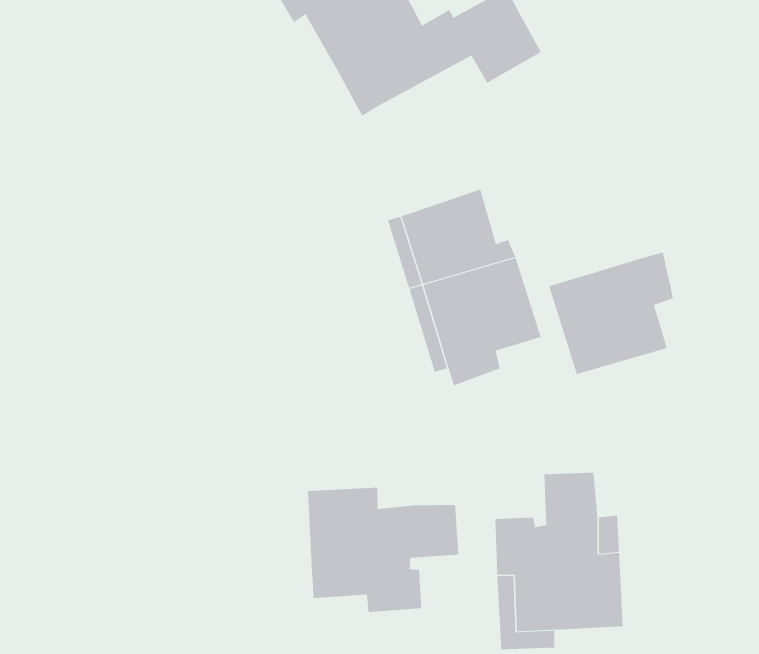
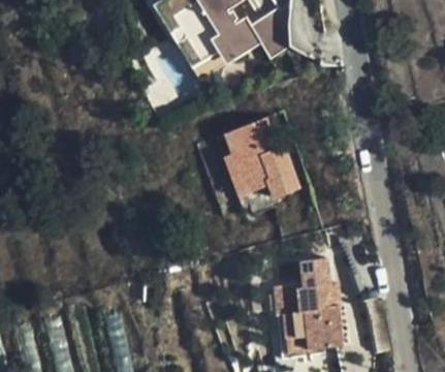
building: [548,252,674,375] -> none
building: [308,487,459,613] -> none

